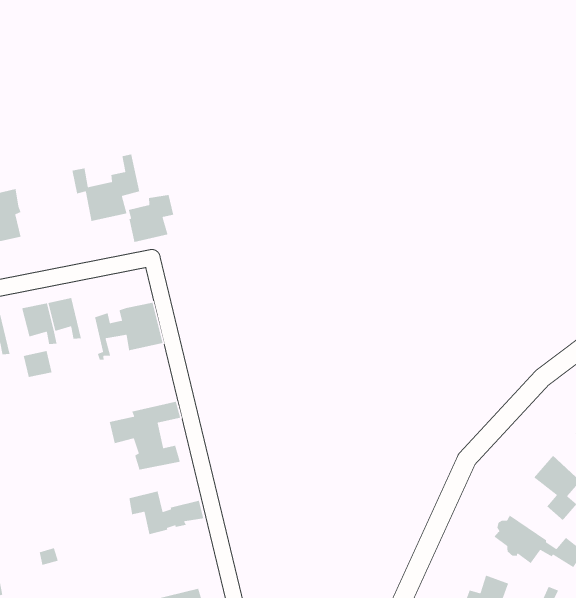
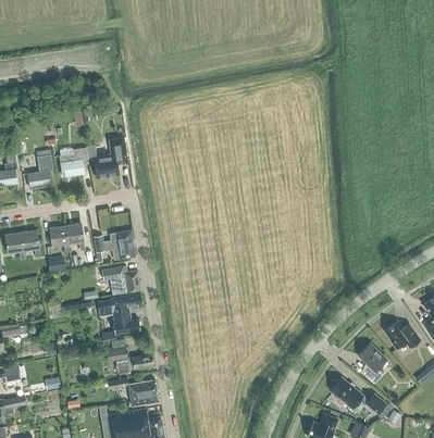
building: [128,194,174,243] -> [60,148,88,176]
building: none -> [101,266,140,296]
building: none -> [109,378,158,405]

